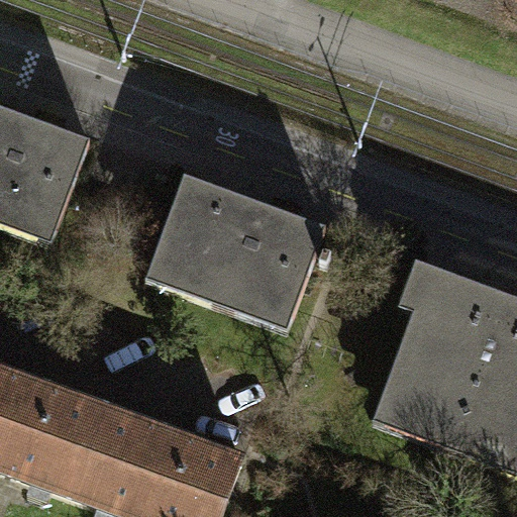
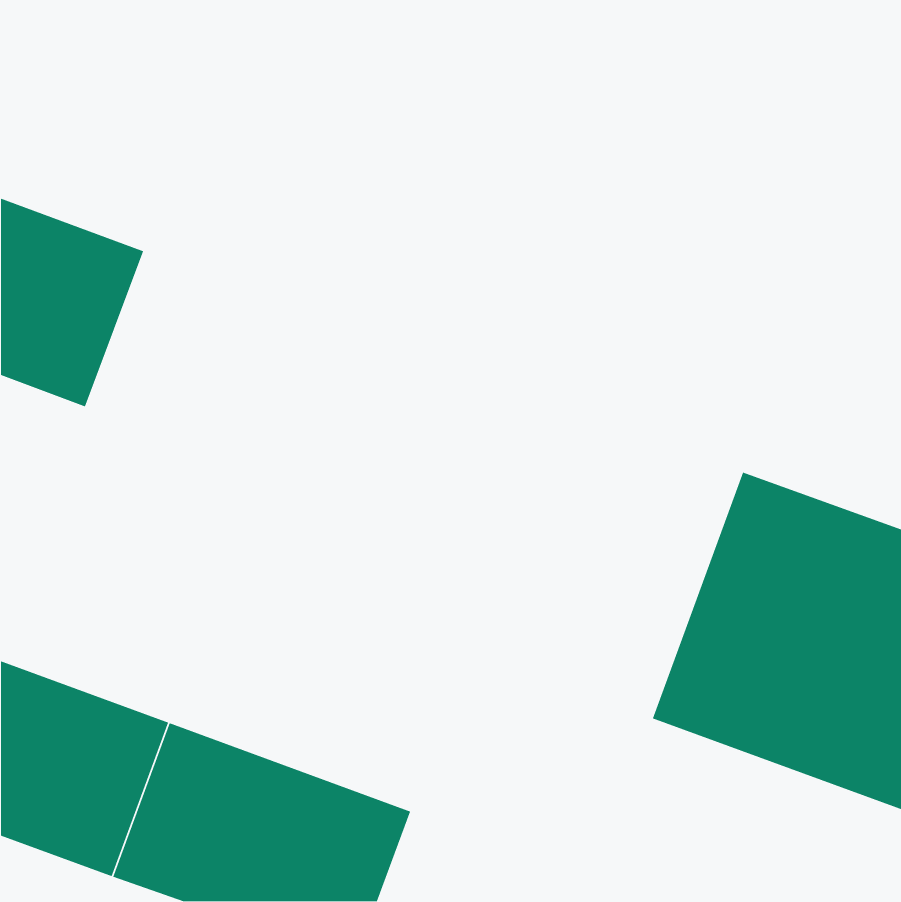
building: [148,177,322,318] -> none

